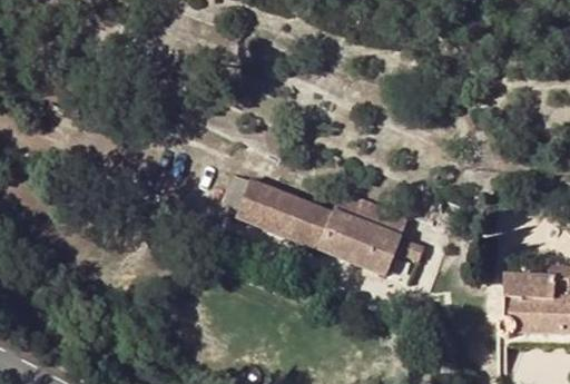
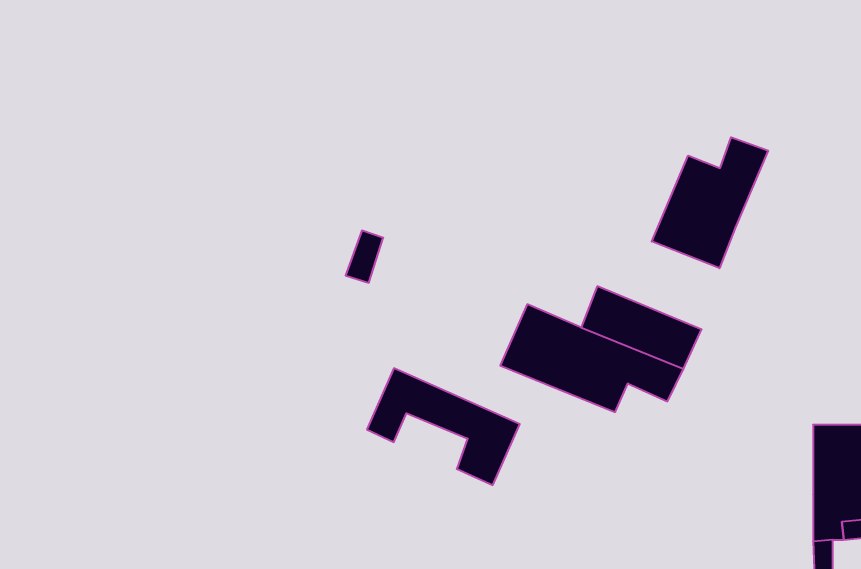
building: none -> [652,137,768,268]
building: [234,175,328,247] -> [367,368,520,485]

